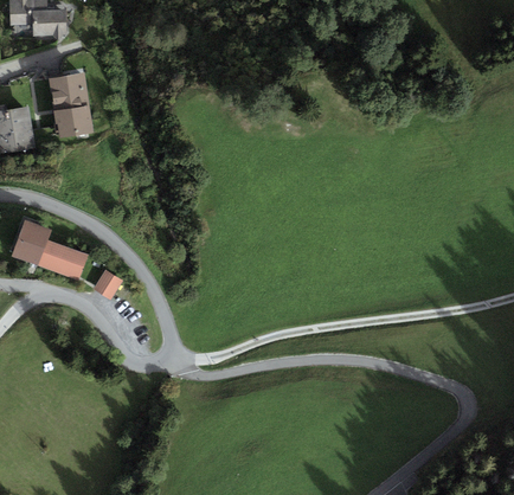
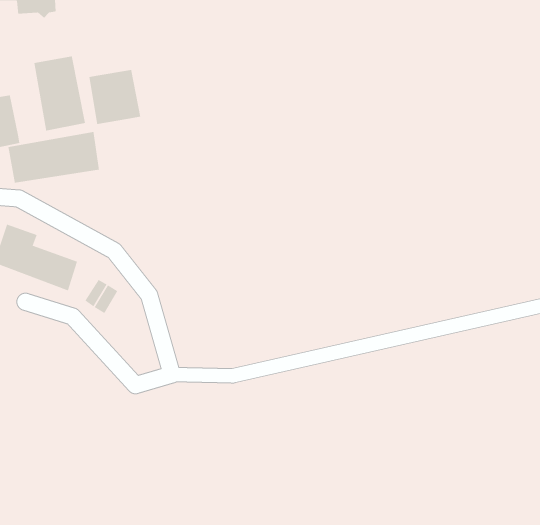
building: none -> [89,69,141,125]
building: none -> [8,131,100,184]

